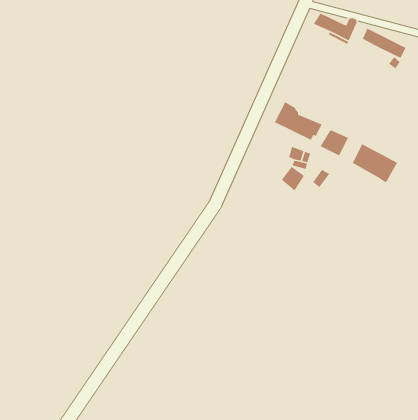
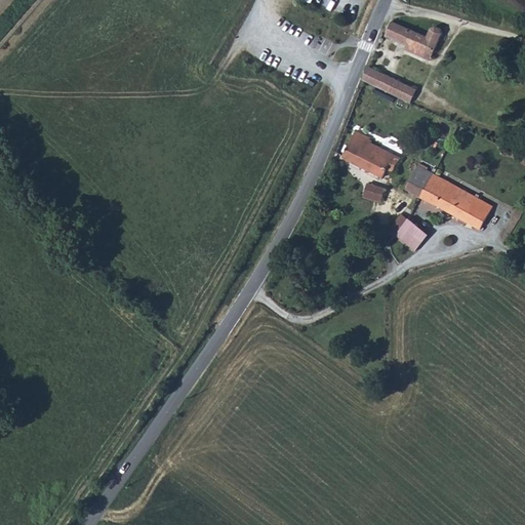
building: [362,28,406,59] -> [362,65,417,104]
building: none -> [420,174,448,206]
building: [281,166,305,191] -> [396,219,426,251]

